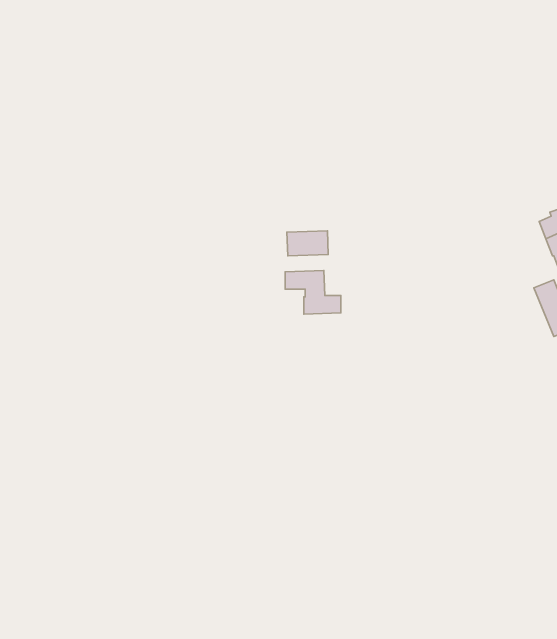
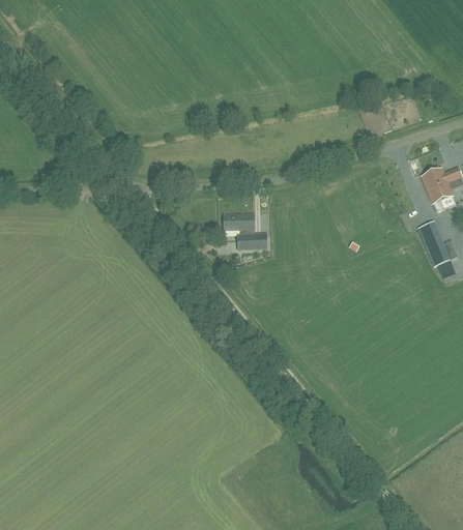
building: [287,231,328,256] -> none

